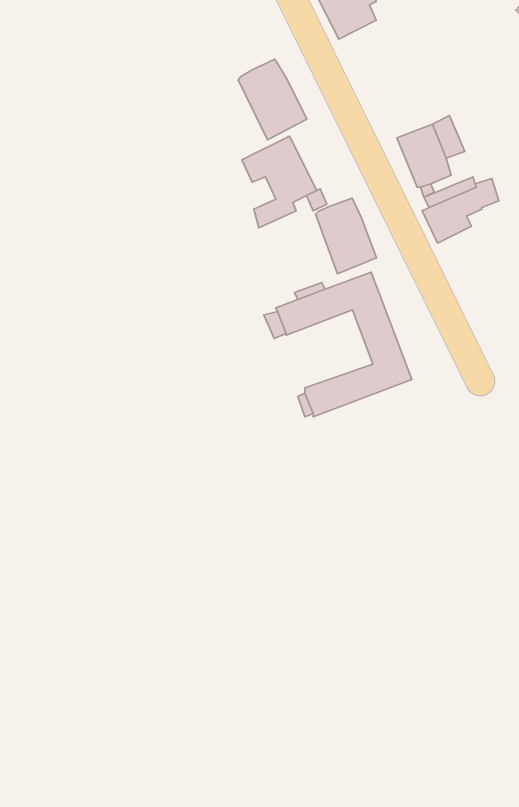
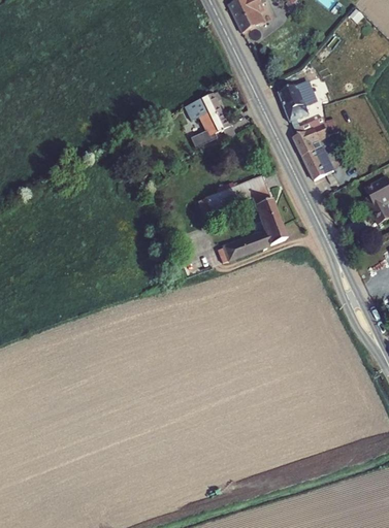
building: [238,59,307,140] -> none
building: [315,198,377,274] -> none
building: none -> [302,145,336,179]

